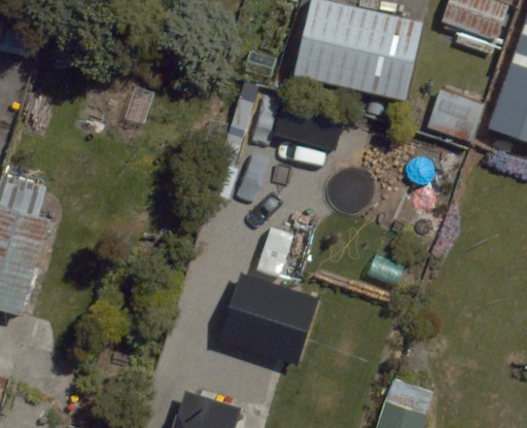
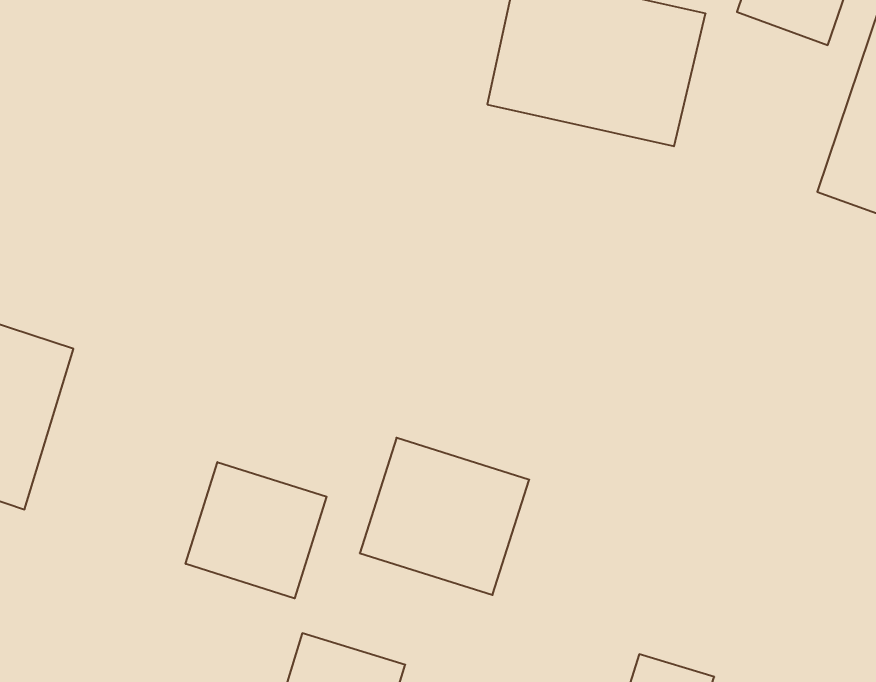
building: none -> [186,462,327,598]

